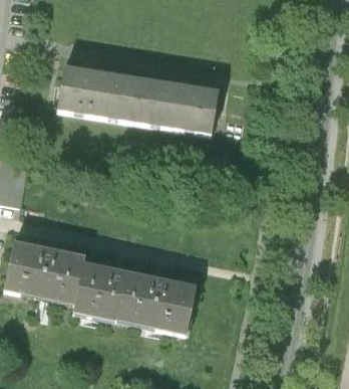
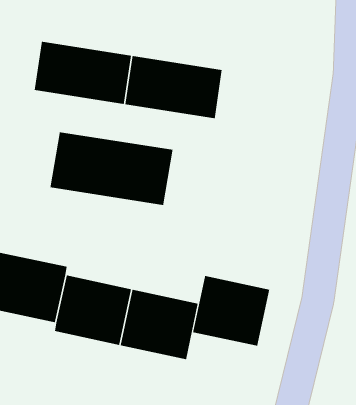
building: none -> [50,131,173,206]
building: none -> [192,275,270,347]

